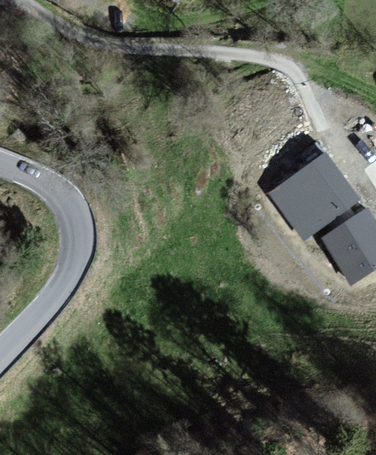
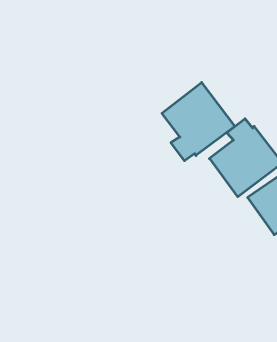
building: none -> [162,82,235,161]

